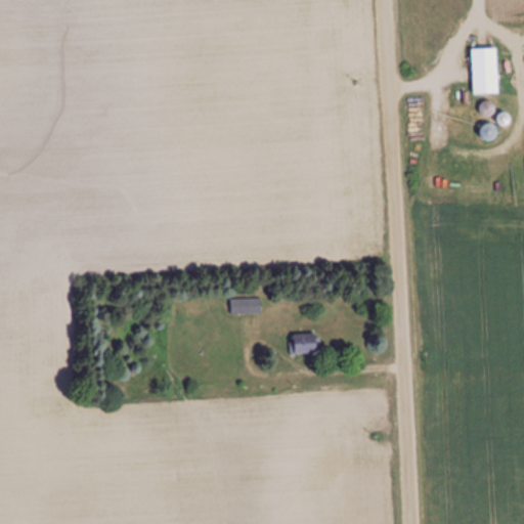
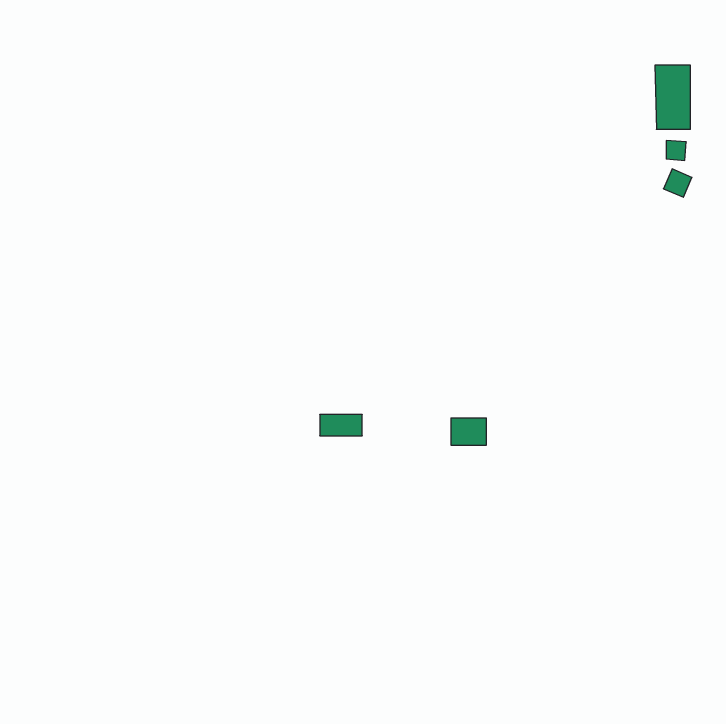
building: [292,334,317,353] -> [451,418,486,445]

